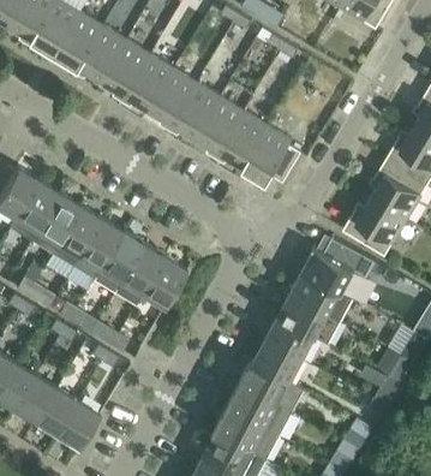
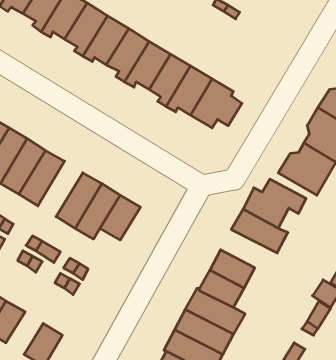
building: [72,218,122,280] -> none
building: [277,294,341,344] -> none
building: [36,387,78,435] -> none

